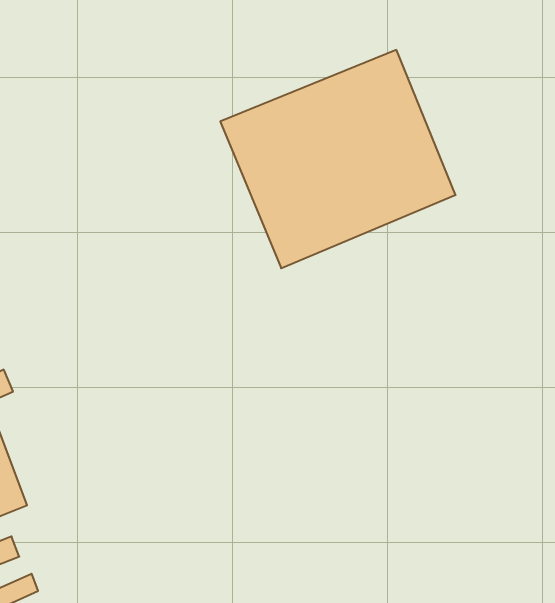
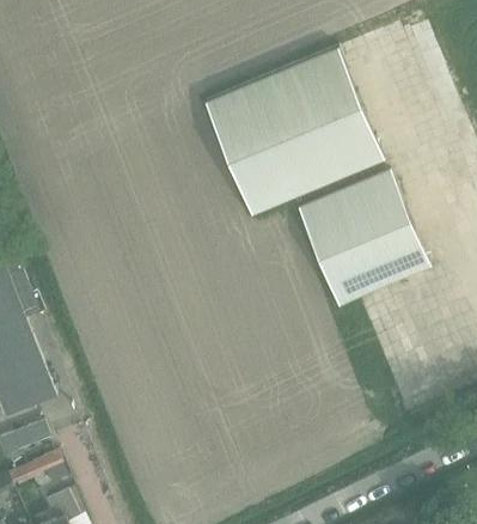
building: none -> [298,170,429,305]

